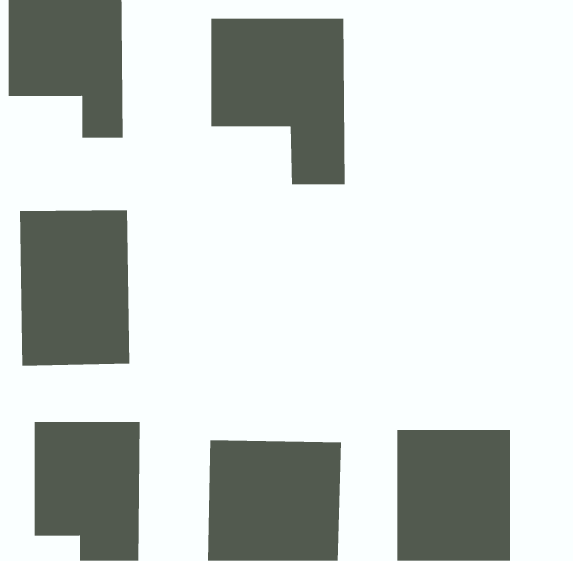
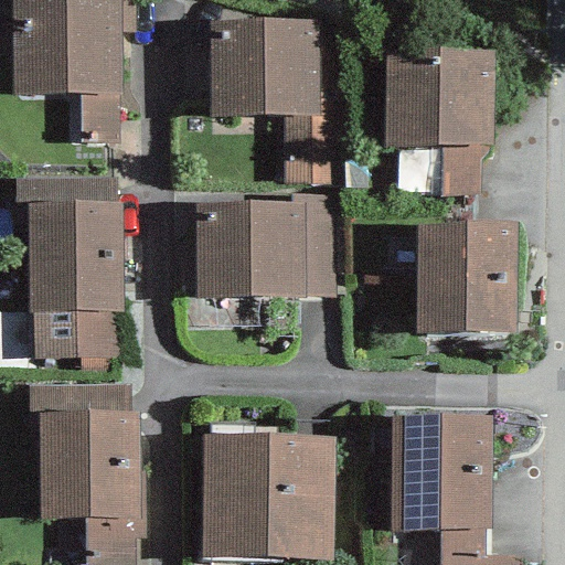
building: none -> [387,51,500,188]
building: none -> [194,198,344,312]
building: none -> [408,221,526,333]

